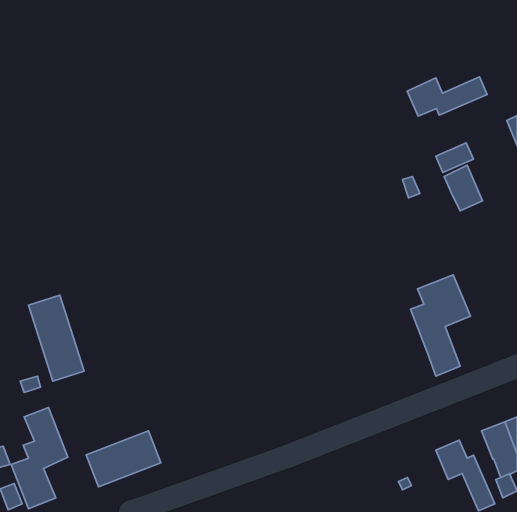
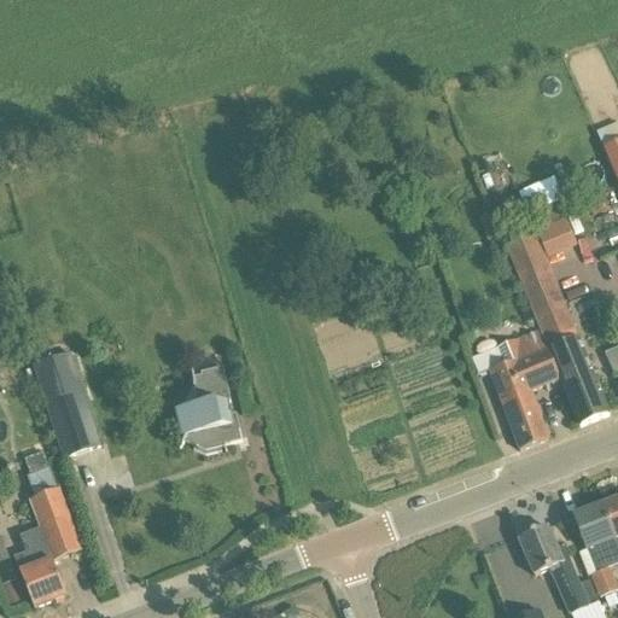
building: [407,77,487,116] -> none
building: none -> [503,223,608,422]
building: none -> [177,365,240,451]
building: [86,431,161,487] -> none

